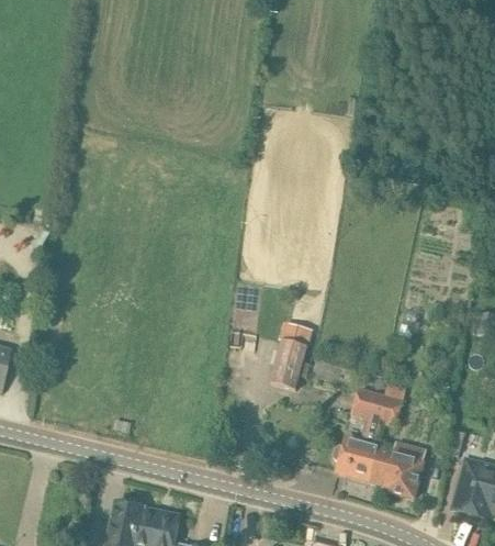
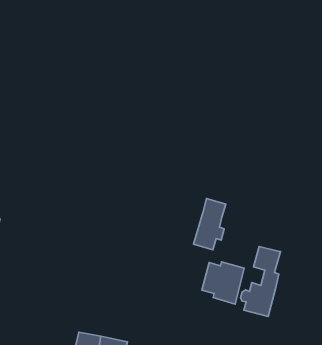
building: [379,383,406,427] -> none
building: [370,443,427,500] -> [202,262,244,304]

